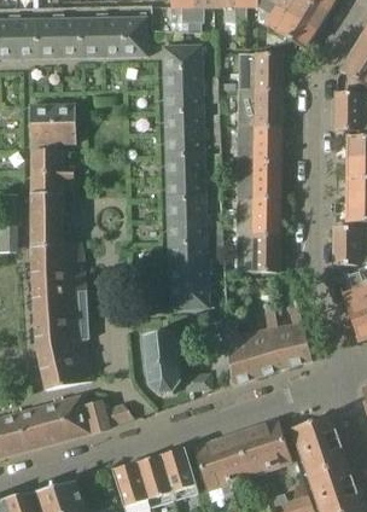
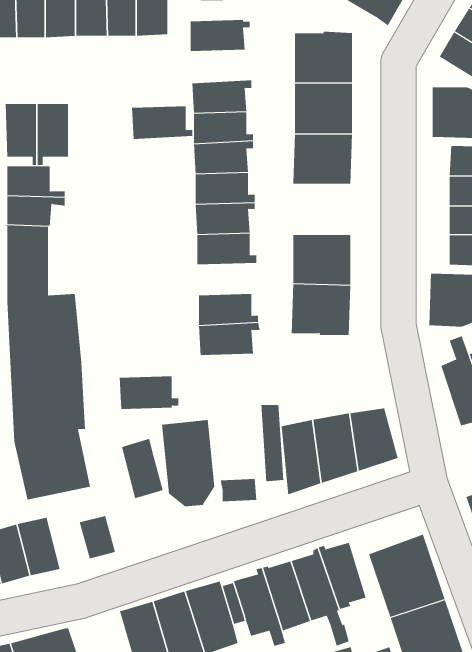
building: [163,65,208,89] -> [131,106,193,139]
building: [237,162,279,198] -> none
building: [168,219,212,242] -> none
building: [170,284,214,308] -> [119,376,179,410]
building: [60,395,91,438] -> [121,438,163,499]

